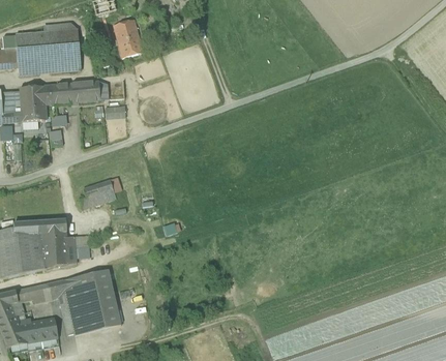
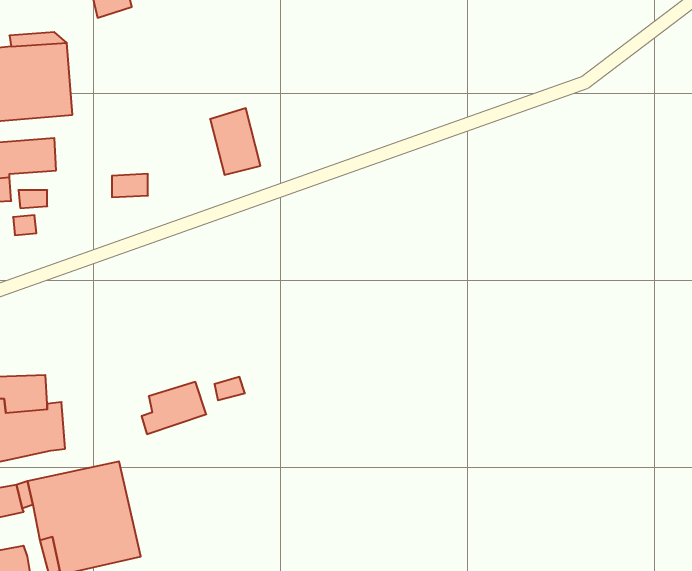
building: [115,19,144,57] -> [210,108,260,175]
building: [71,82,101,104] -> none
building: [80,180,117,210] -> [142,382,206,434]

